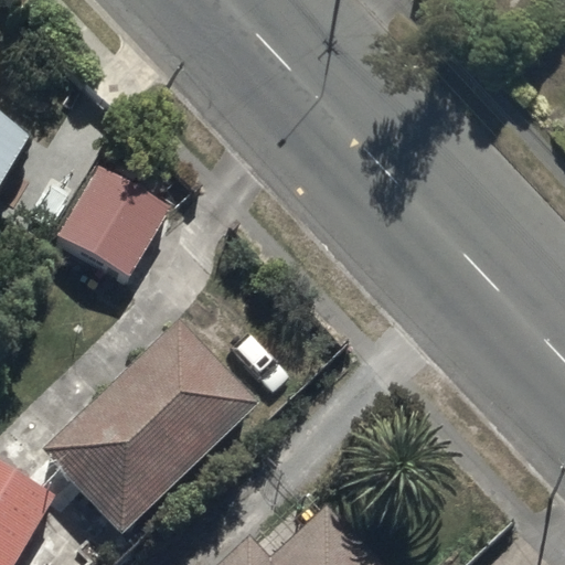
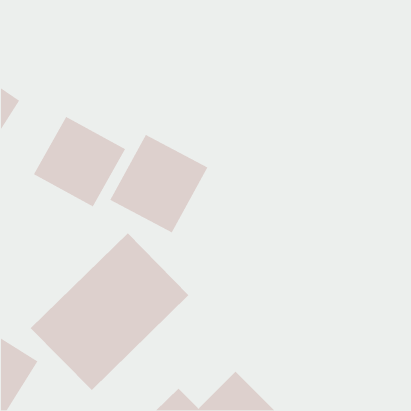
building: none -> [109,134,208,234]

